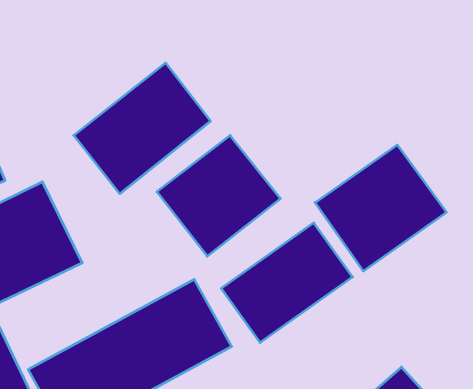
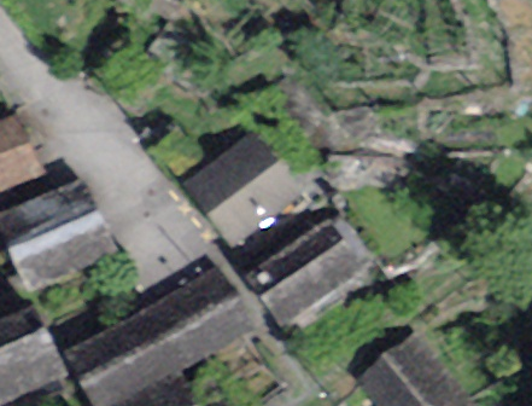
building: [74,63,210,194] -> none
building: [315,145,446,271] -> none

